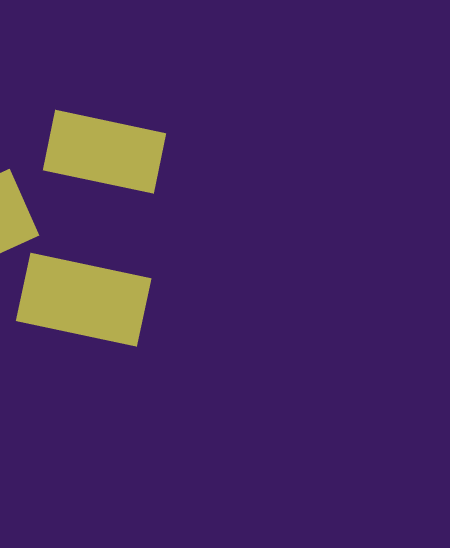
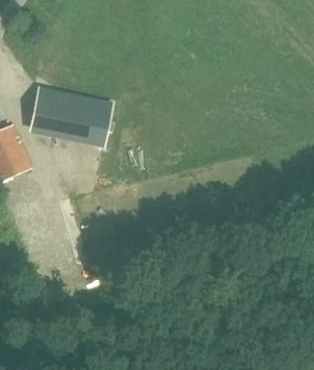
building: [15,252,153,348] -> none

